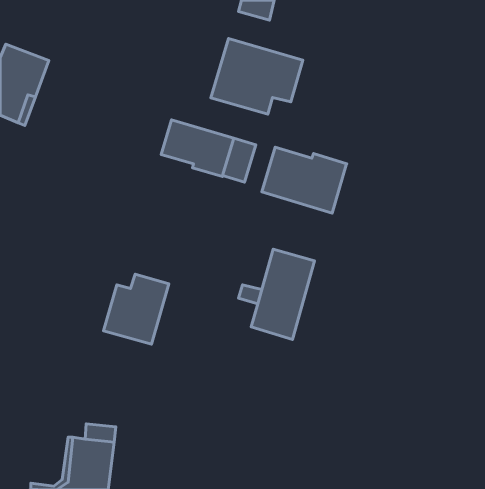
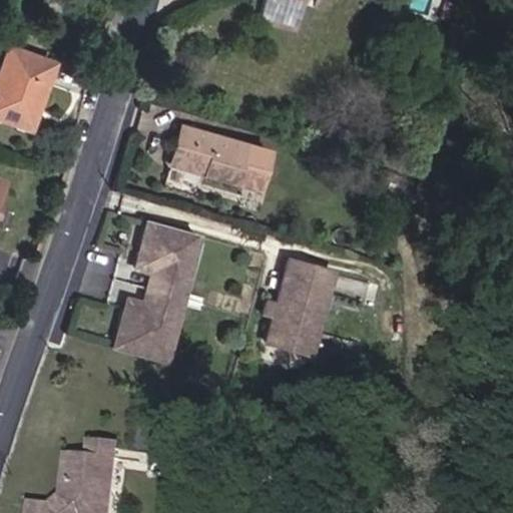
building: [211,38,303,114] -> none
building: [262,147,347,213] -> none
building: none -> [135,221,198,298]

